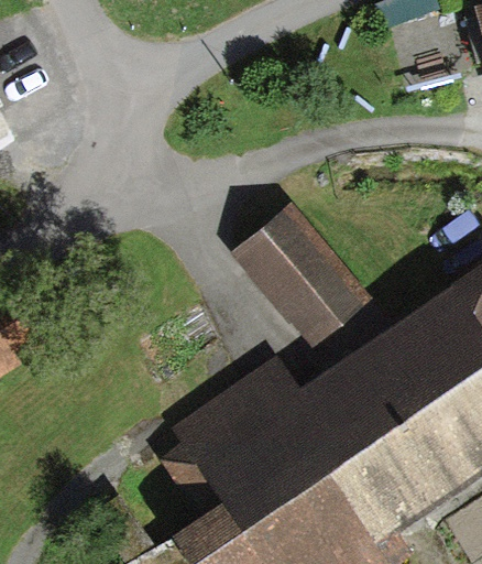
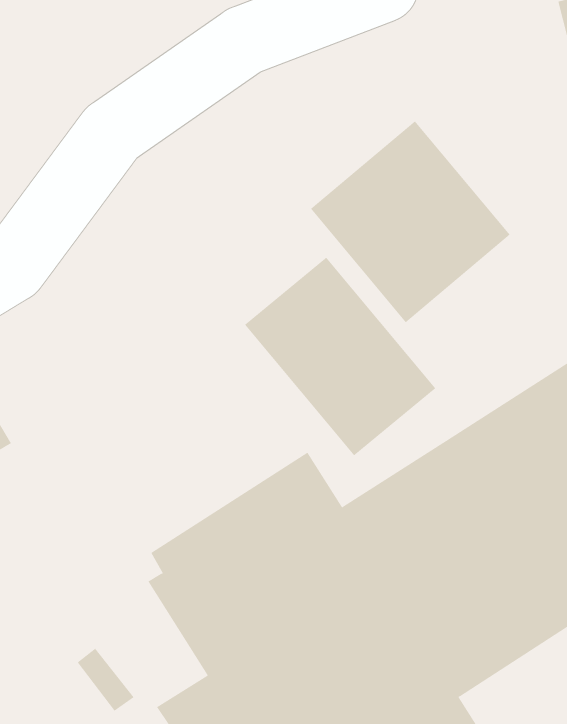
building: none -> [310,120,510,323]

